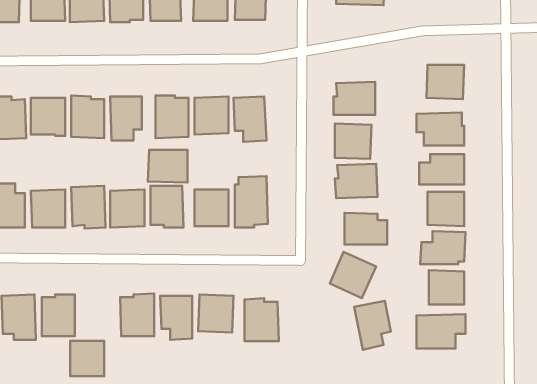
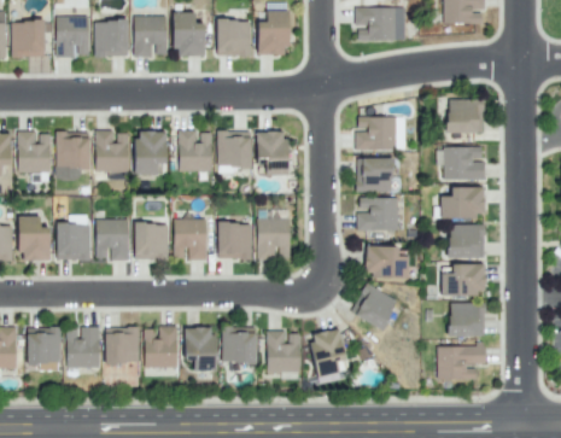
building: [148,150,188,183] -> none
building: [354,301,391,350] -> [310,329,346,378]
building: [70,341,104,376] -> [106,328,140,363]

